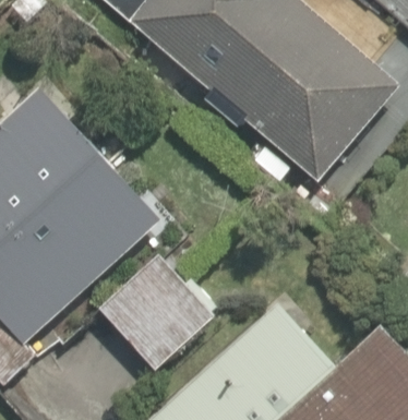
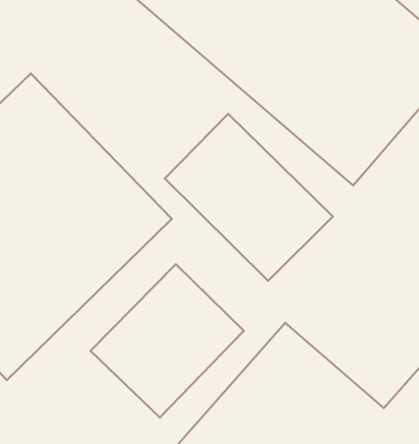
building: none -> [165,114,333,281]

